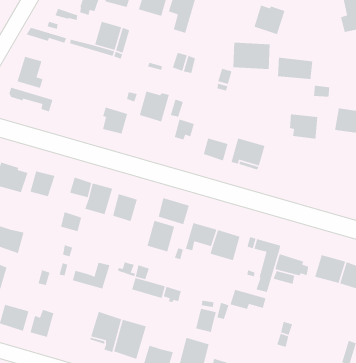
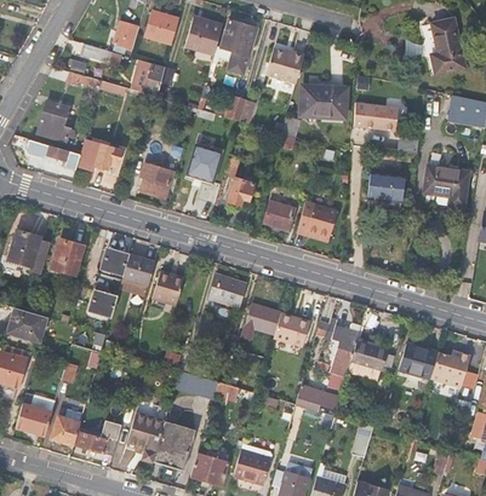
building: [254,4,285,35] -> [265,47,304,85]
building: none -> [78,139,120,171]
building: [147,220,175,253] -> none
building: [72,262,111,290] -> [74,421,121,455]
building: [195,308,217,333] -> none

